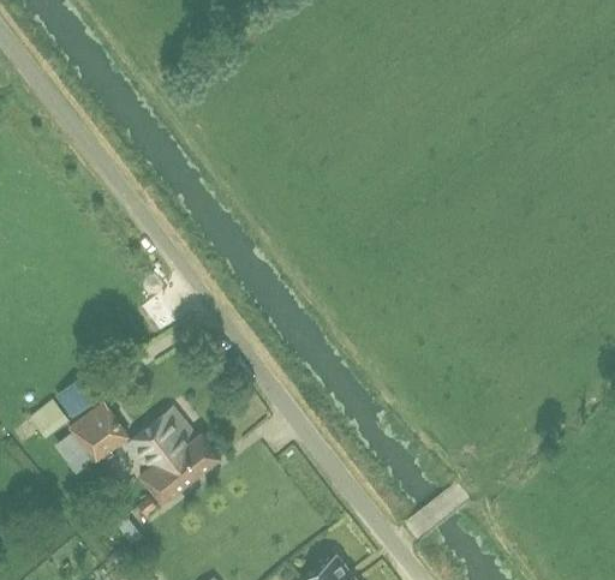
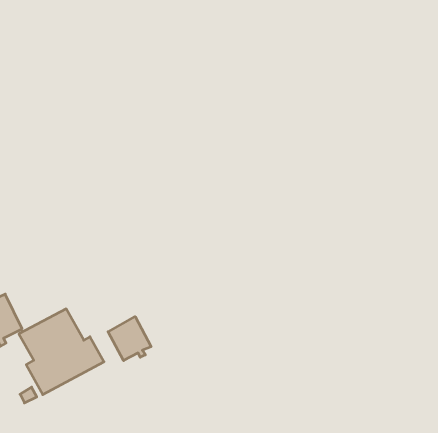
building: none -> [108,317,151,361]

